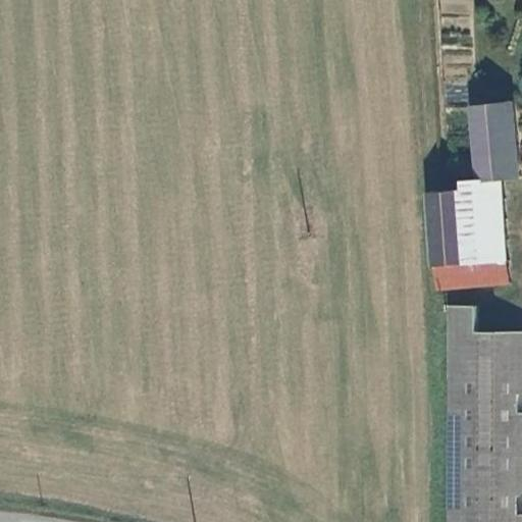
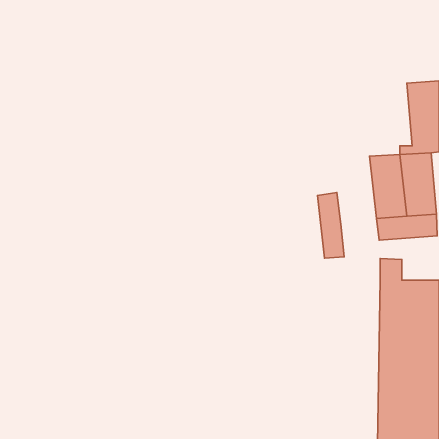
building: none -> [318,193,344,258]

